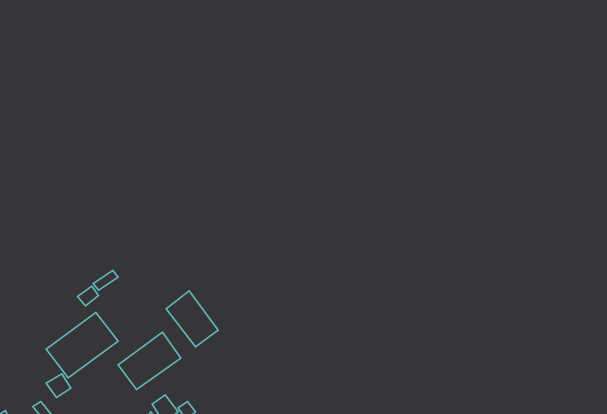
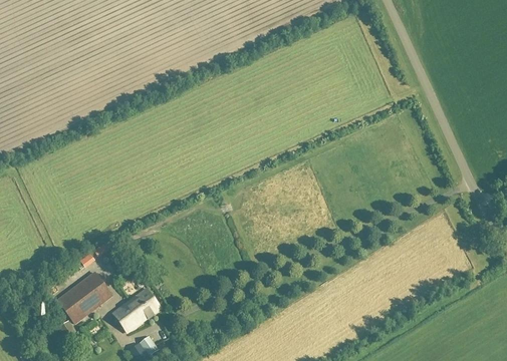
building: [166,291,218,347] -> none

